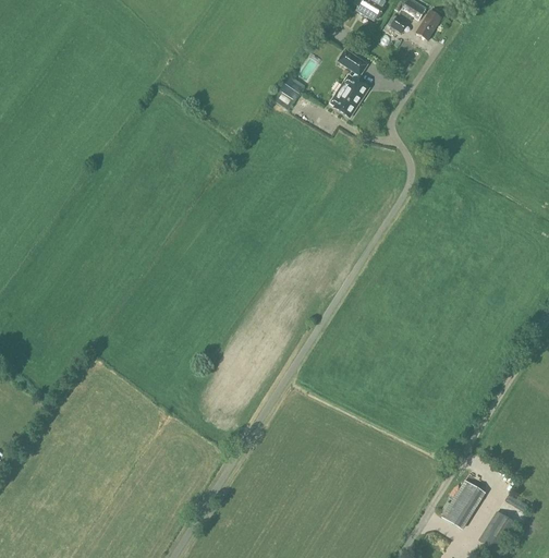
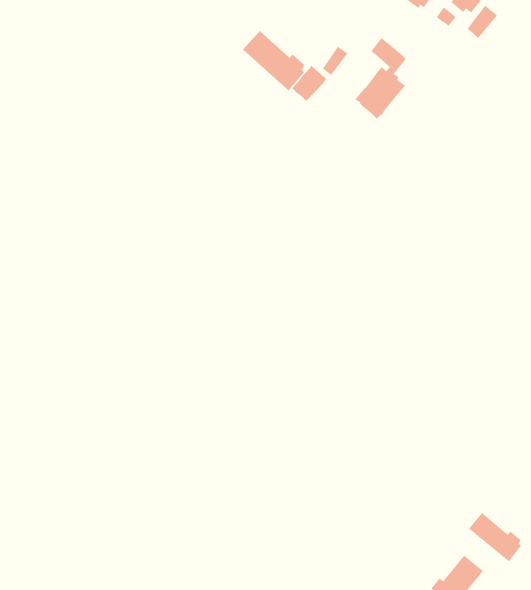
building: none -> [242,30,305,91]
building: none -> [468,512,521,562]

